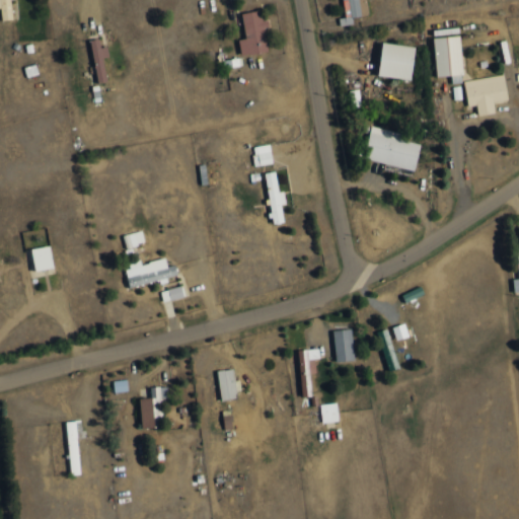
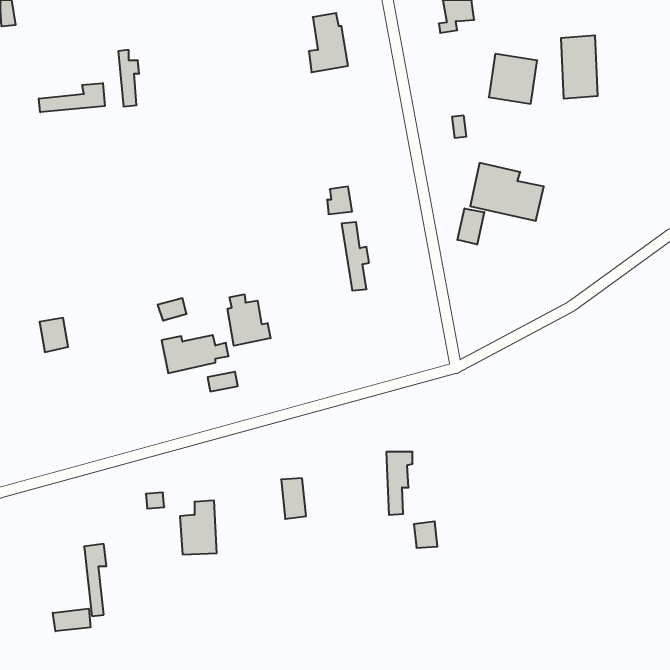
building: none -> [39,83,105,112]
building: [465,76,508,116] -> none
building: none -> [457,208,484,245]
building: none -> [228,294,271,346]
building: [335,330,354,362] -> none
building: none -> [53,609,90,631]

